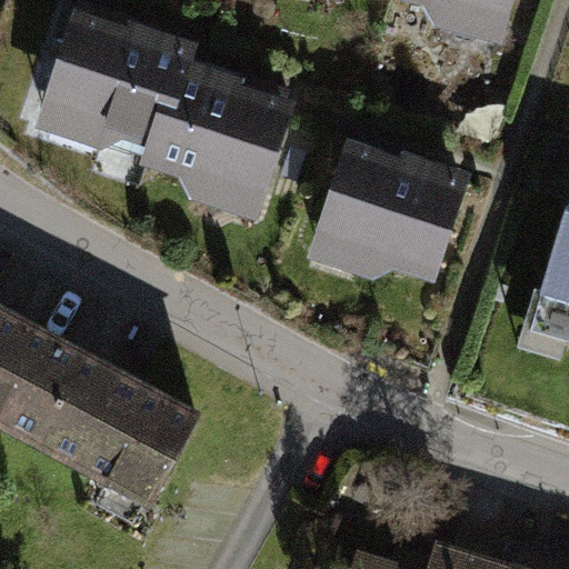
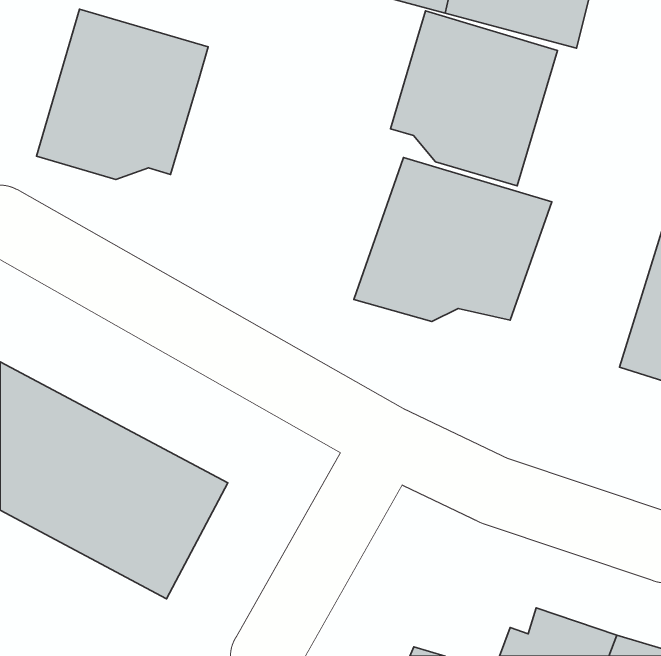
building: none -> [391,11,558,186]
building: [143,67,290,218] -> none

